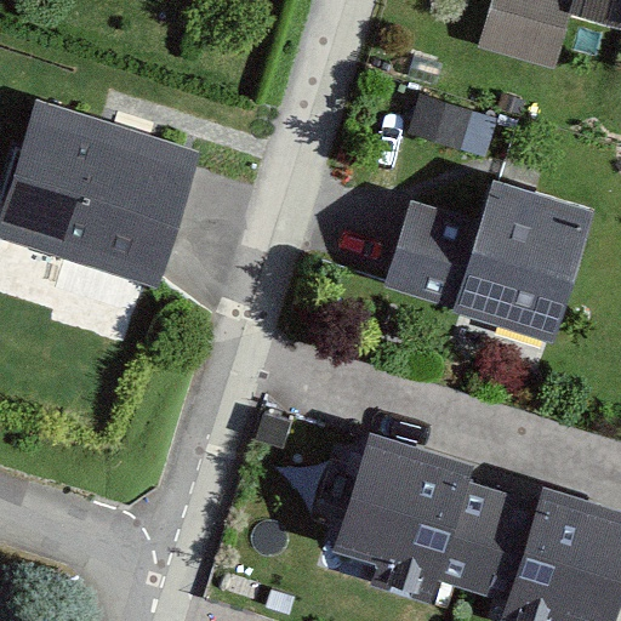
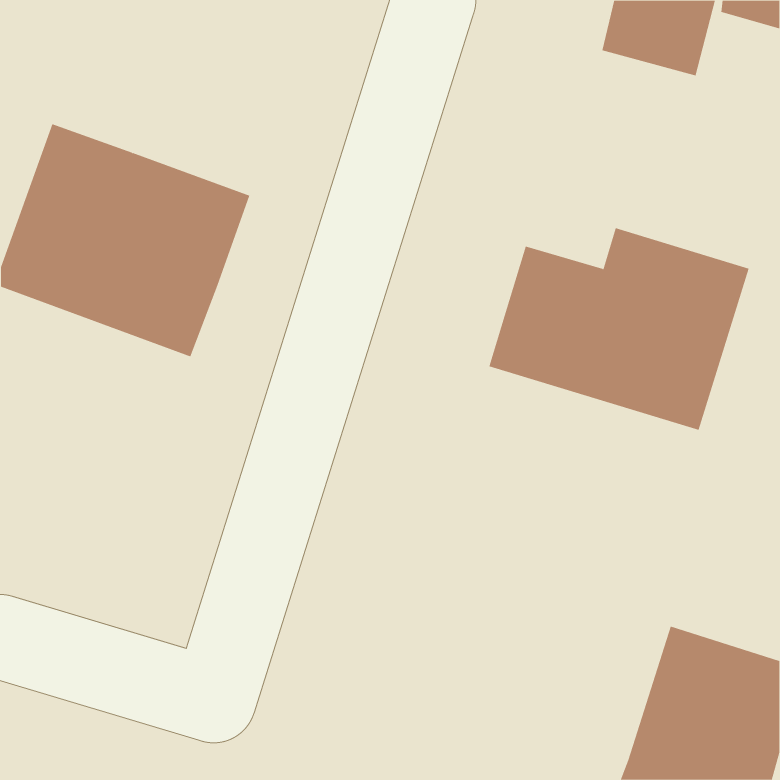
building: [331,445,532,604] -> none

